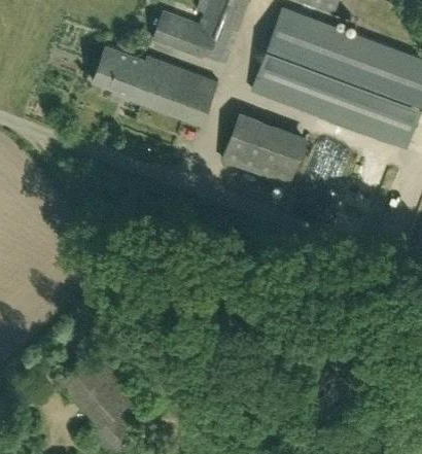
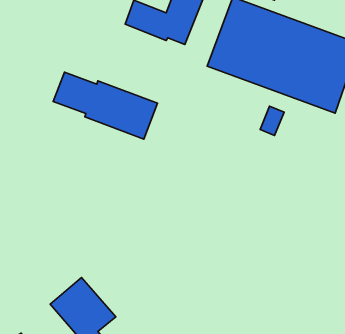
building: [92,45,217,126] -> [53,72,157,139]
building: [221,116,305,184] -> none

